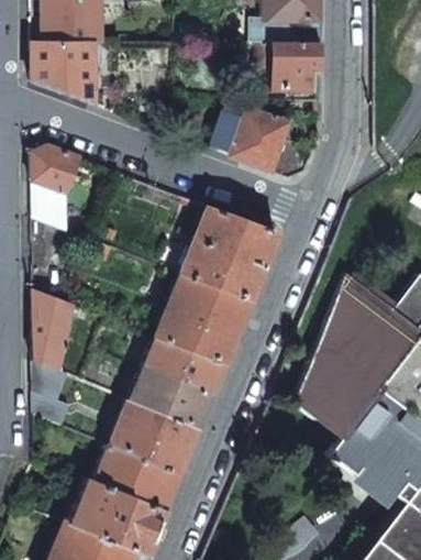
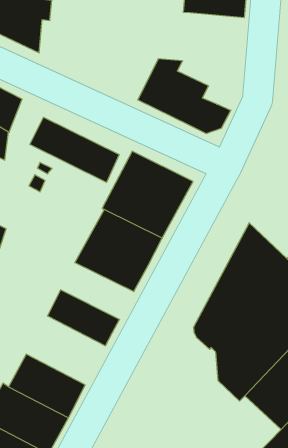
building: [258,43,320,99] -> none
building: none -> [30,117,119,182]
building: [142,336,224,395] -> none
building: [110,398,198,472] -> none

